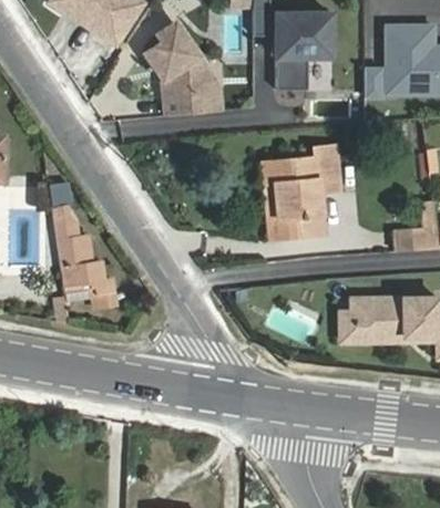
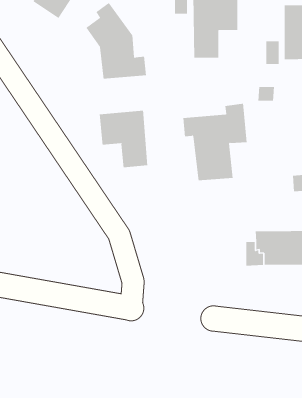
building: none -> [99,110,148,168]
building: [49,183,115,296] -> none

